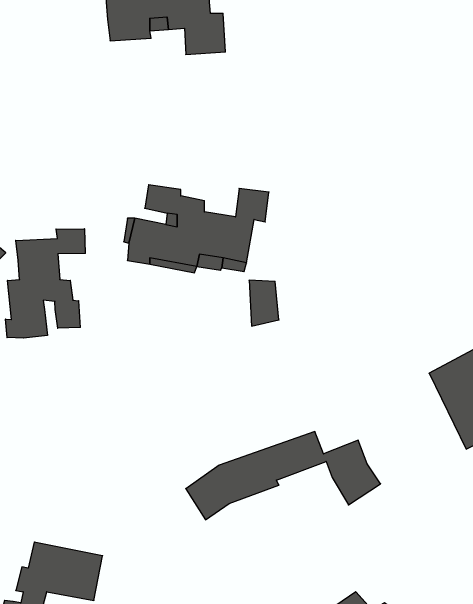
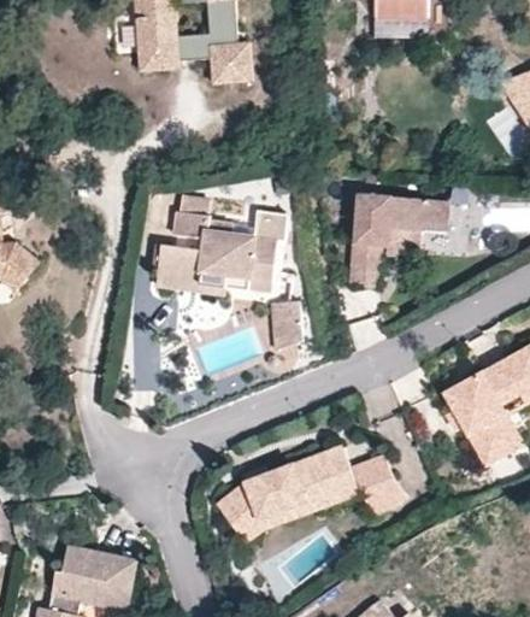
building: none -> [346,192,446,287]
building: [6,229,85,338] -> none

